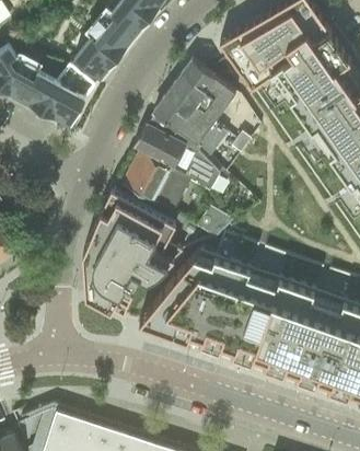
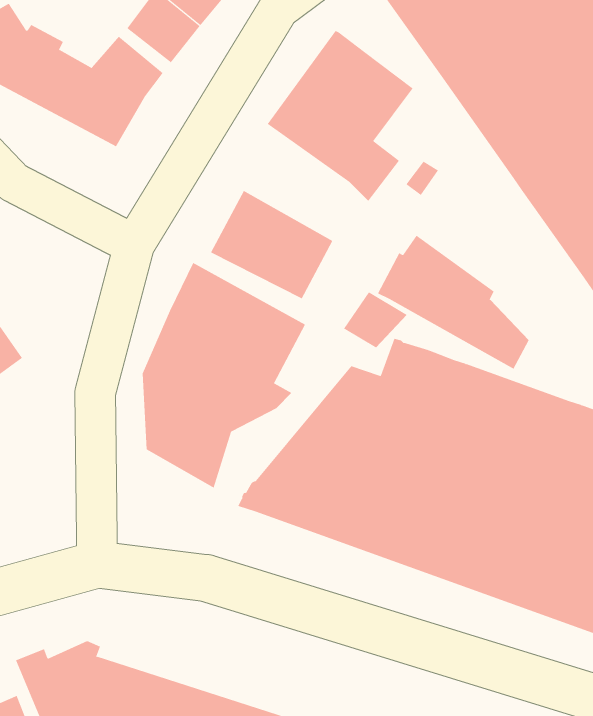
building: [136,114,221,189] -> [377,235,529,369]

